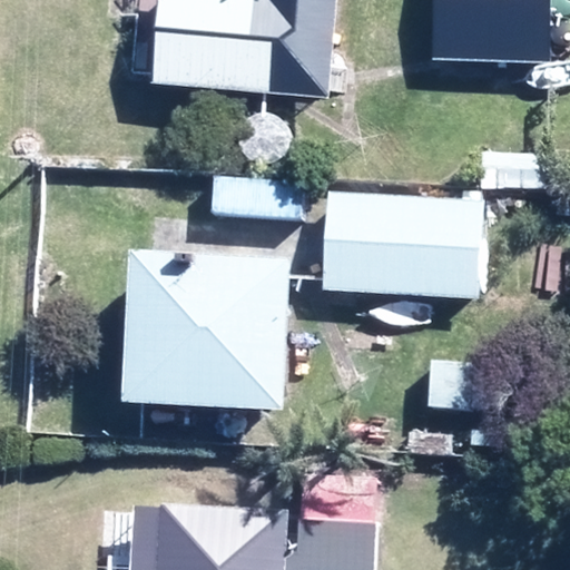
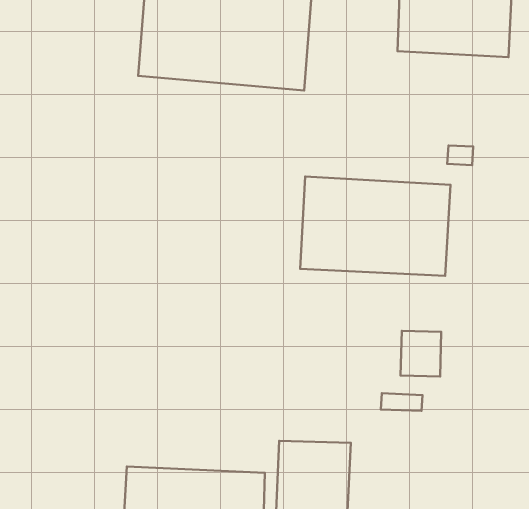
building: [121,255,287,414] -> none

